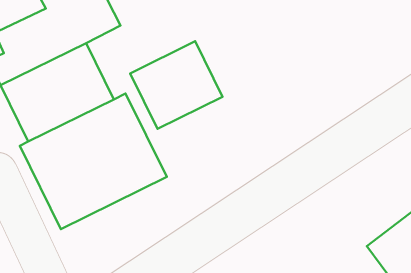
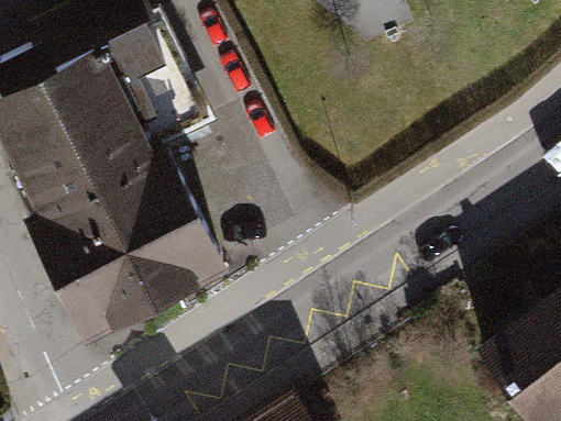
building: [130,41,222,129] -> none

